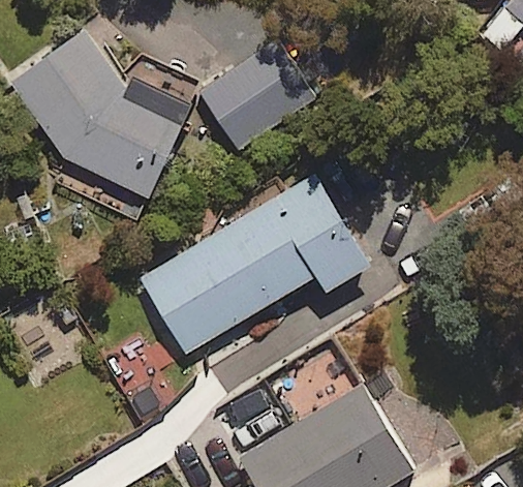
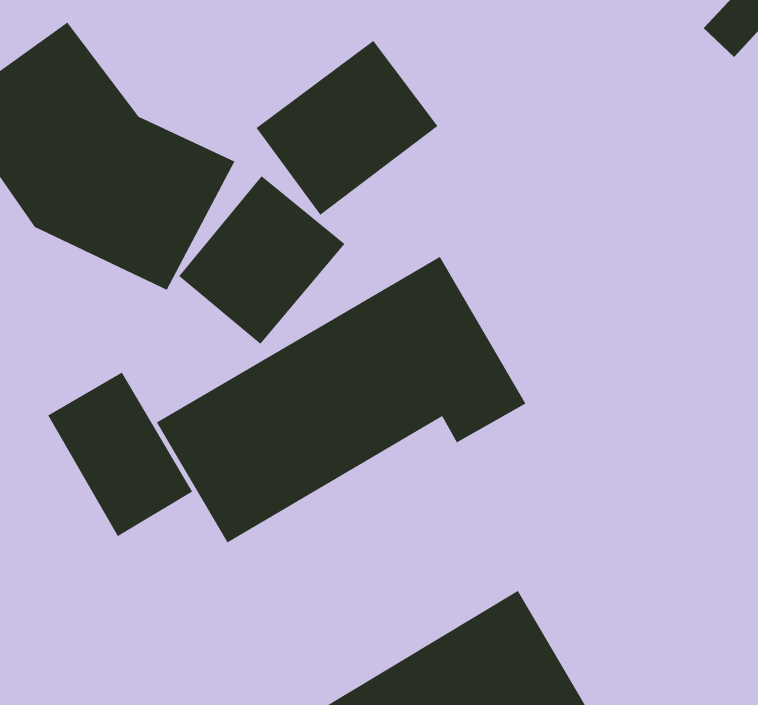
building: none -> [178,175,346,345]
building: none -> [47,371,193,537]

